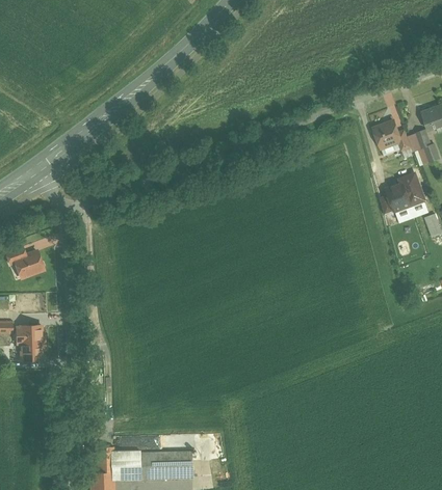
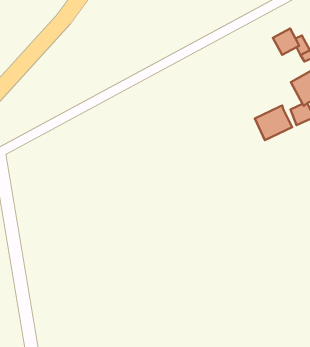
building: none -> [255,106,292,140]

